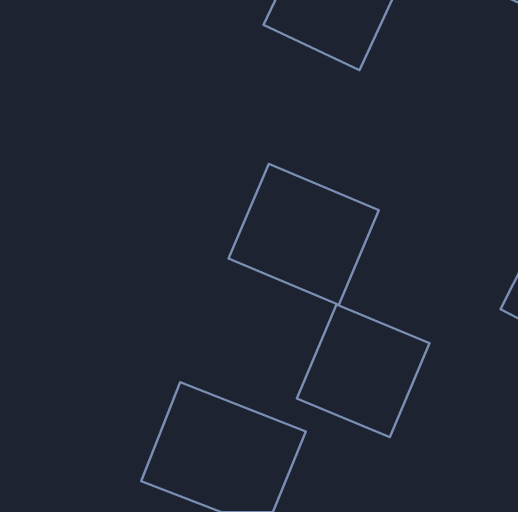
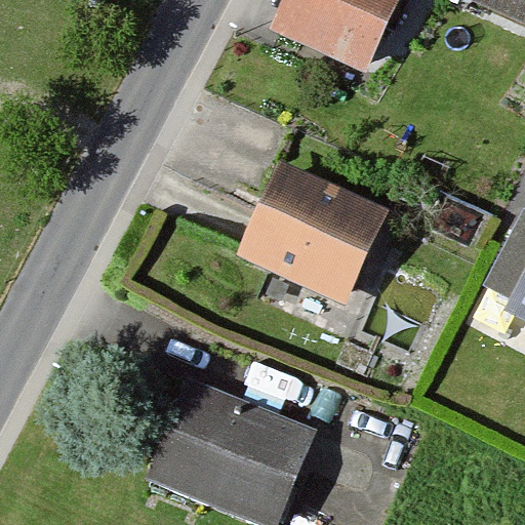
building: [297,304,429,437] -> none

